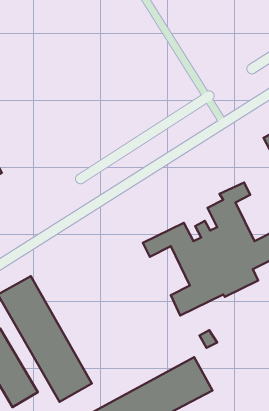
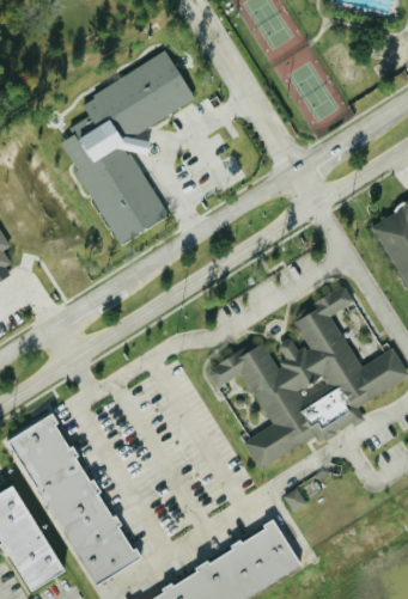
building: none -> [60,51,194,244]

